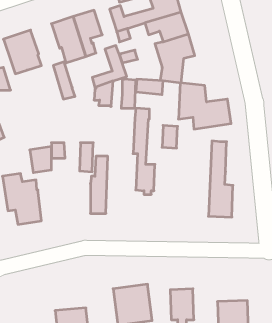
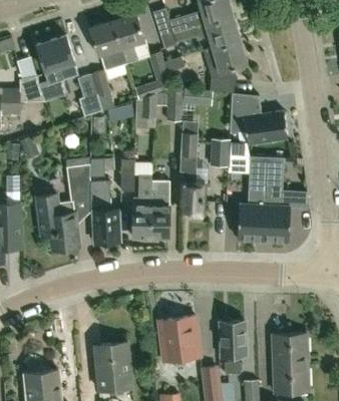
building: none -> [66,74,102,122]
building: none -> [237,157,267,241]
building: none -> [149,174,169,239]
building: none -> [89,179,118,242]

